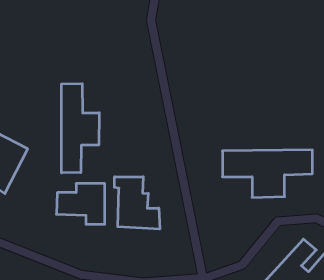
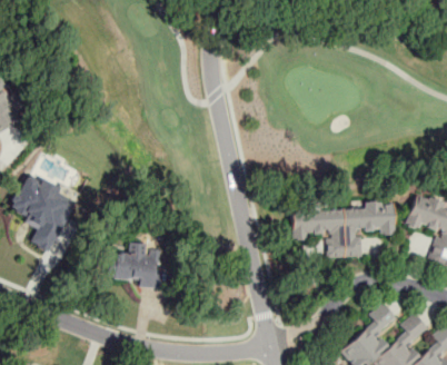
building: [62,84,99,173] -> none
building: [114,177,160,229] -> none

